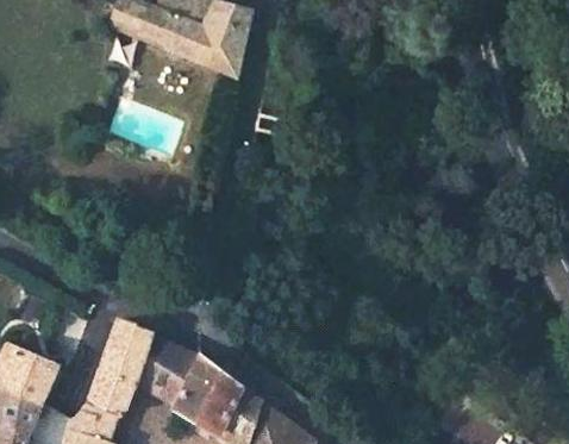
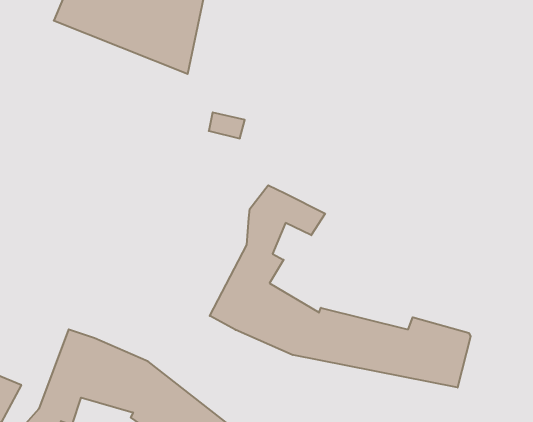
building: none -> [210,185,471,388]

